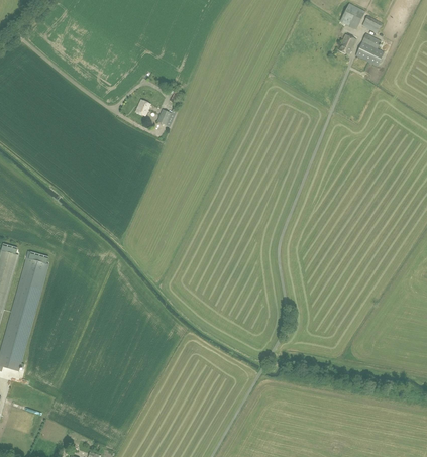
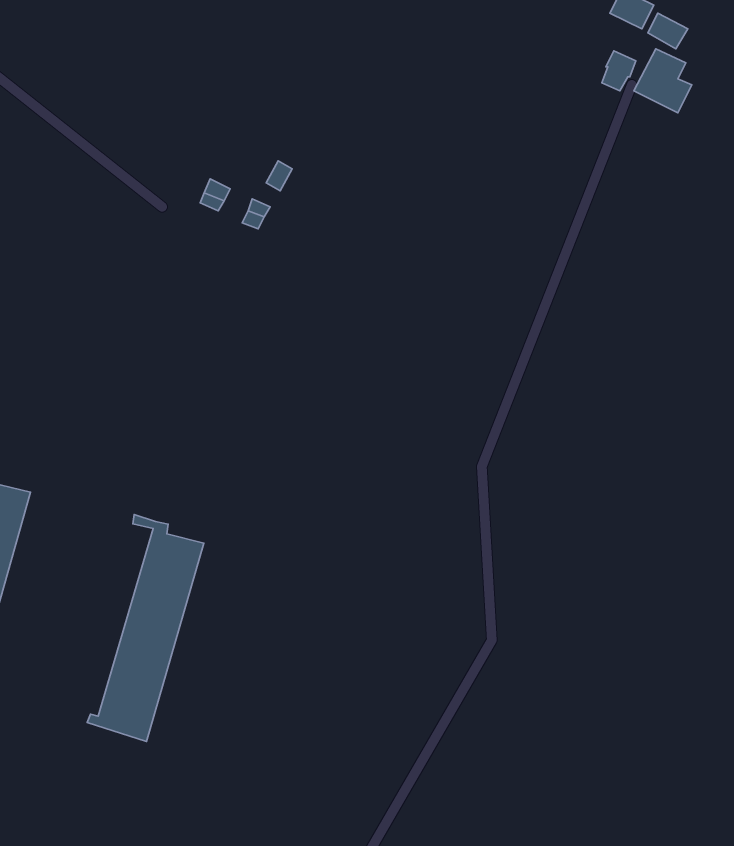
building: none -> [87,515,204,742]

